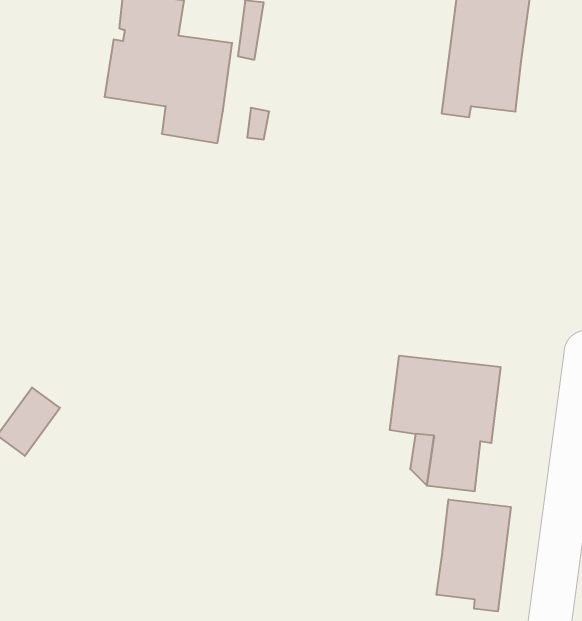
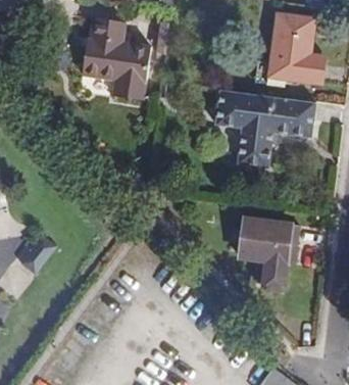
building: none -> [215,90,315,169]
building: [437,499,511,611] -> none

